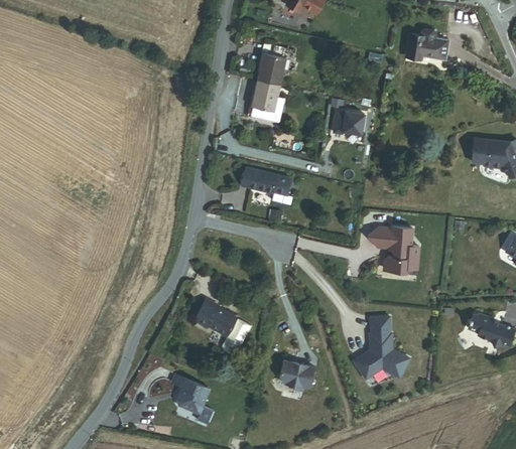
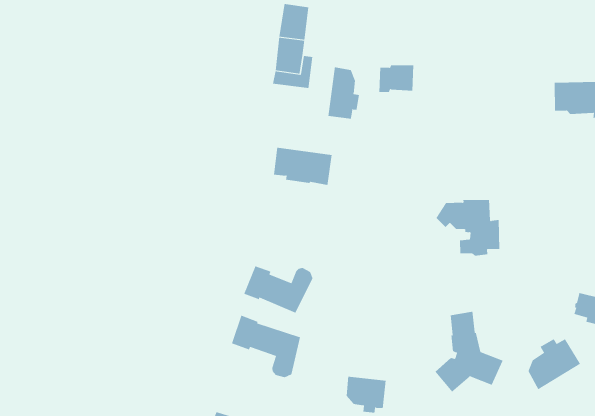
building: none -> [328,67,359,120]
building: none -> [244,265,313,313]
building: none -> [528,338,581,390]

